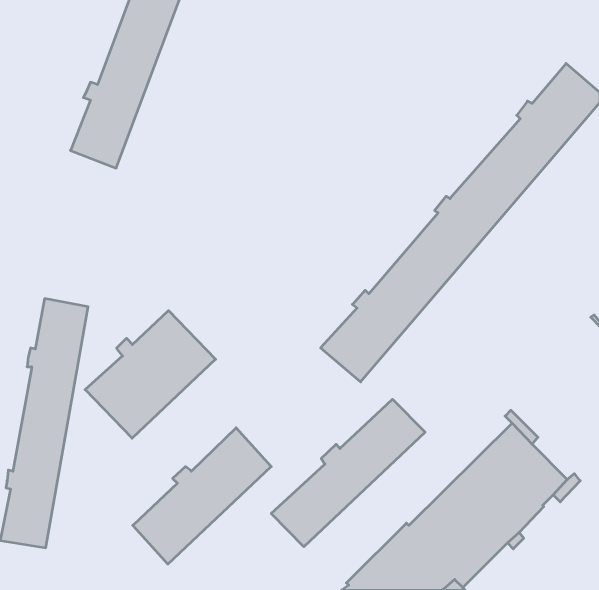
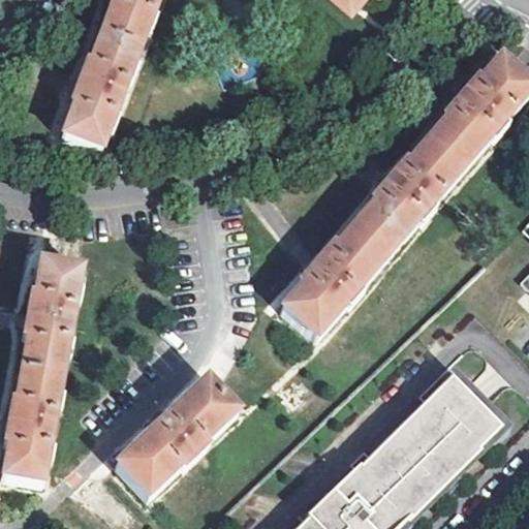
building: [85,311,216,438] -> none
building: [271,399,425,547] -> none

